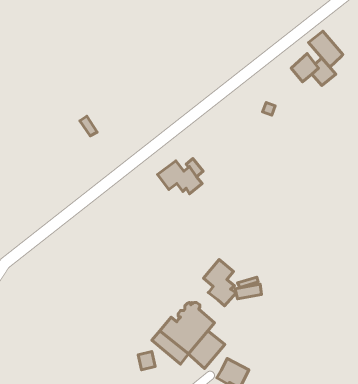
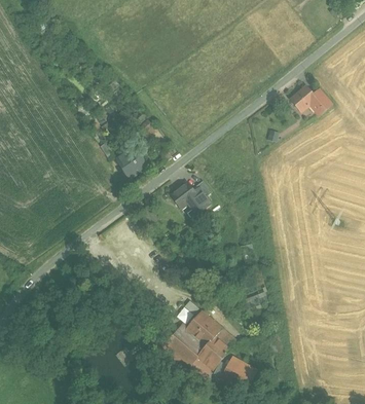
building: [309,31,343,67] -> none
building: none -> [116,149,147,178]
building: [204,259,236,306] -> none

